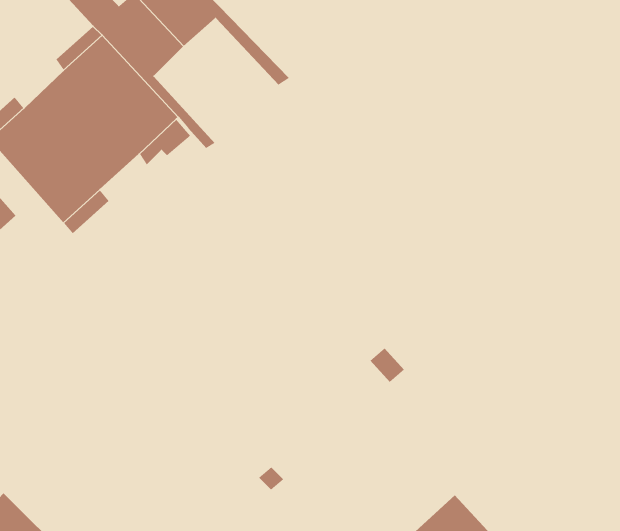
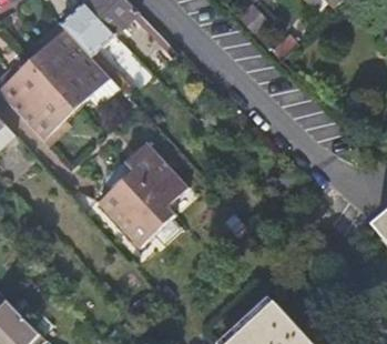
building: none -> [98,141,186,245]

